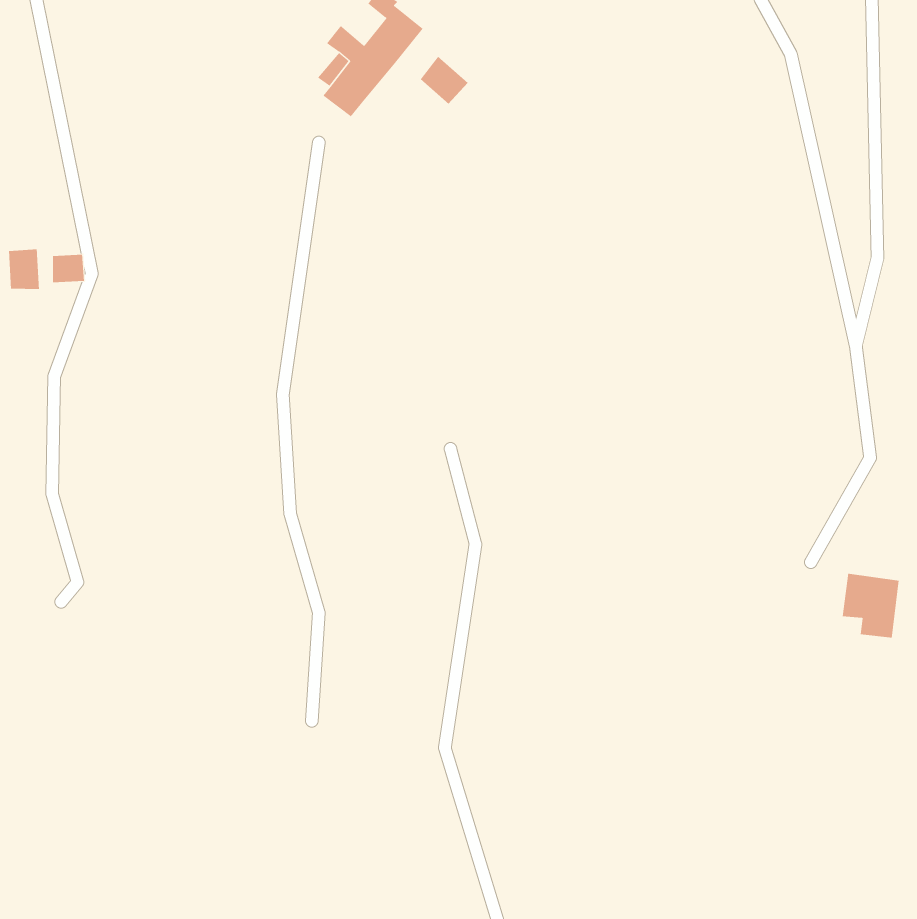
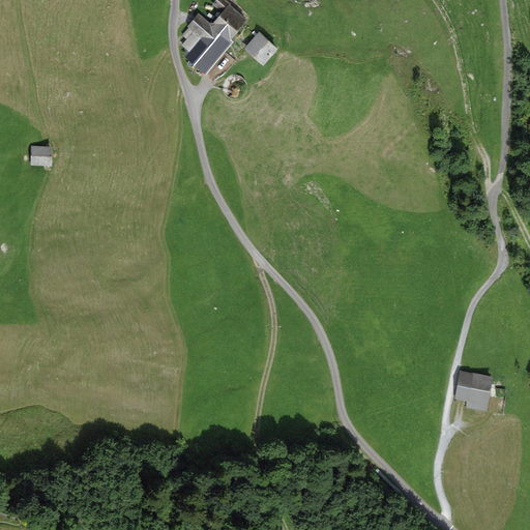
building: [9,248,39,290] -> none
building: [842,573,900,638] -> [458,377,491,414]

